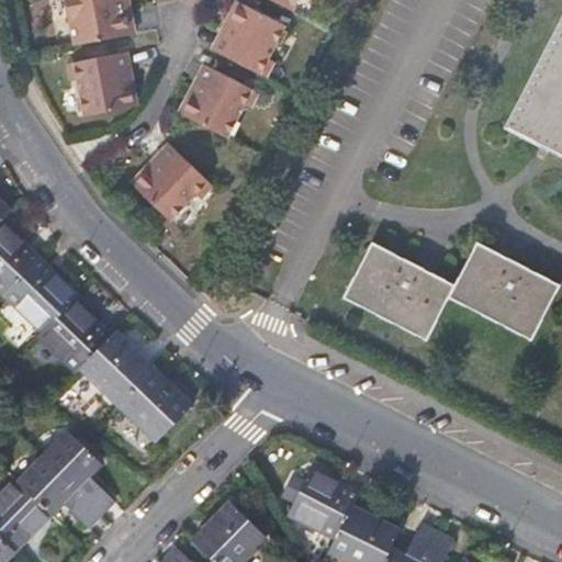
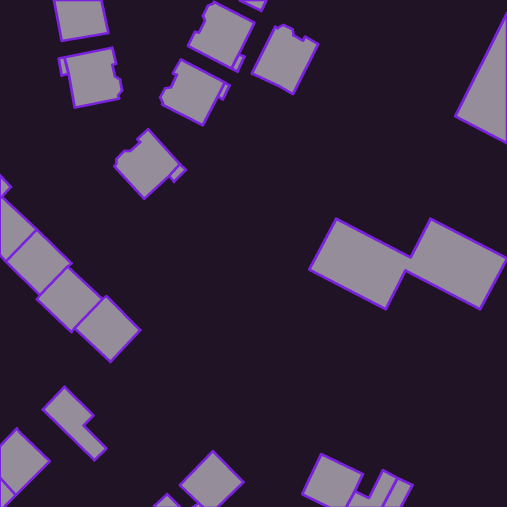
building: none -> [252,25,318,94]
building: [122,366,192,436] -> none
building: [22,453,104,524] -> none
building: [293,467,360,532] -> none

